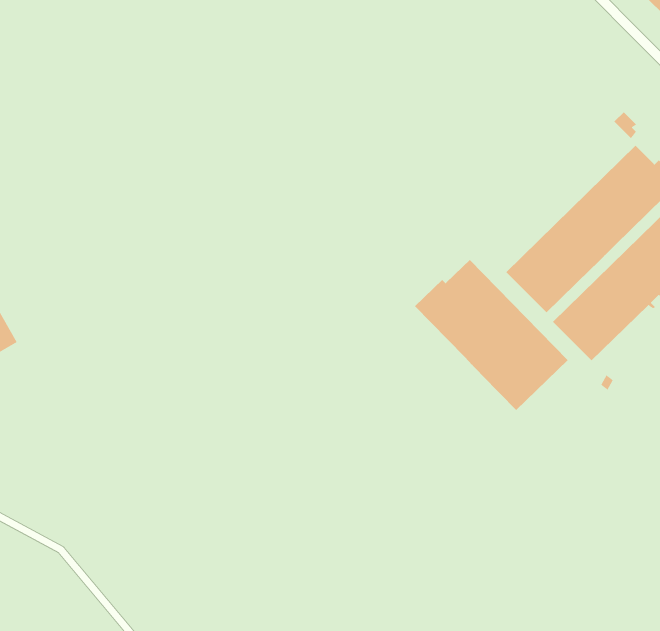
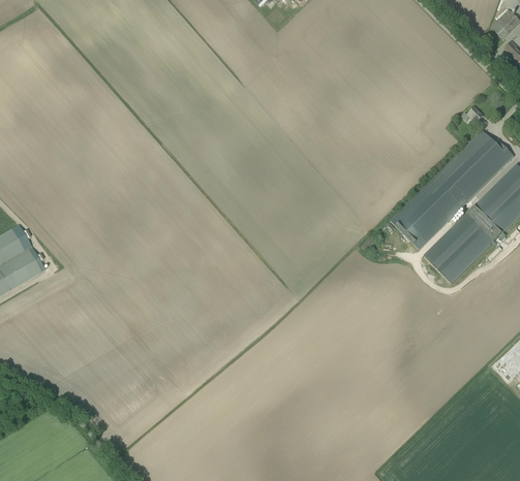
building: [414,259,569,411] -> none

